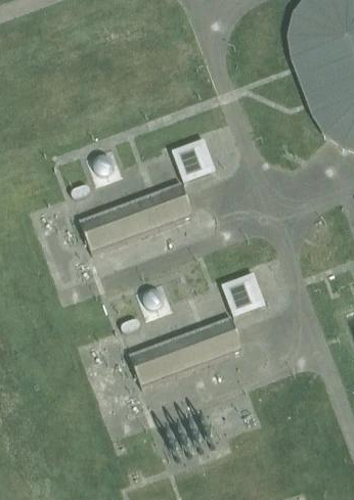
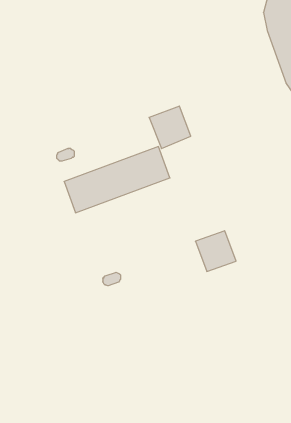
building: [129,316,244,388] -> none

